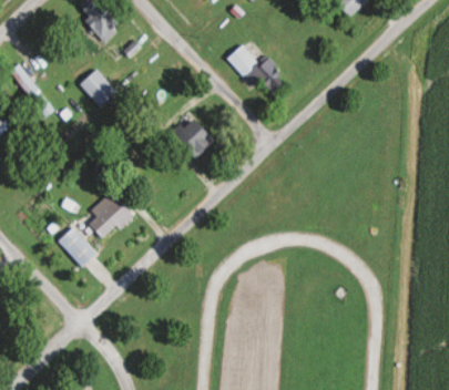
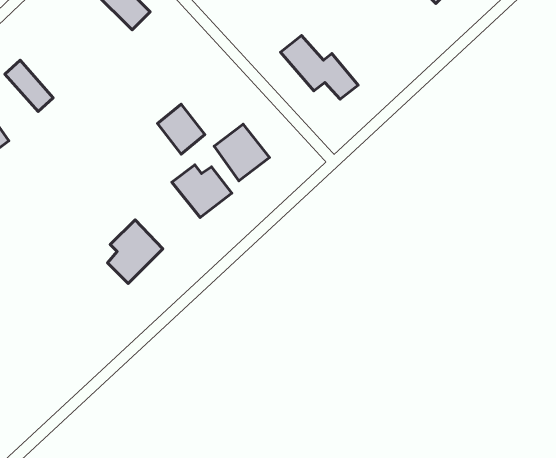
building: [79,68,116,107] -> [158,104,205,154]
building: none -> [172,165,232,218]
building: [57,227,96,268] -> none

